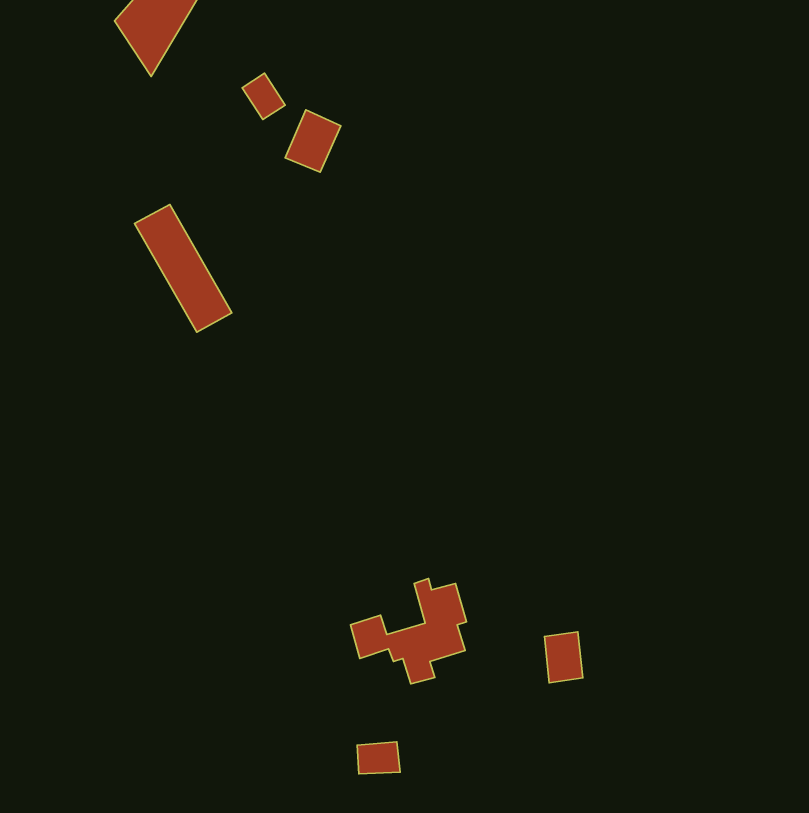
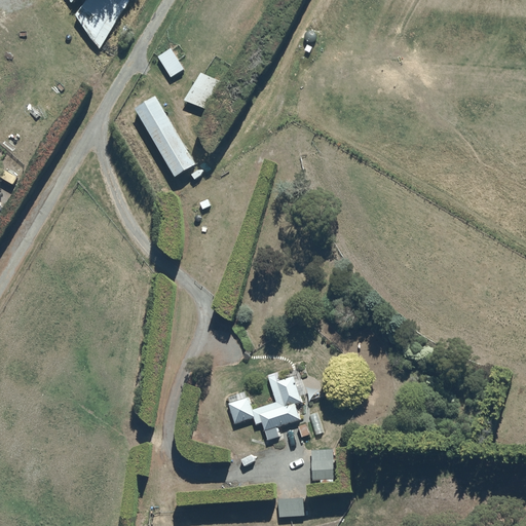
building: [135,205,232,332] -> [135,95,197,177]
building: [545,632,583,683] -> [309,448,334,481]
building: [357,742,400,774] -> [276,497,304,518]

